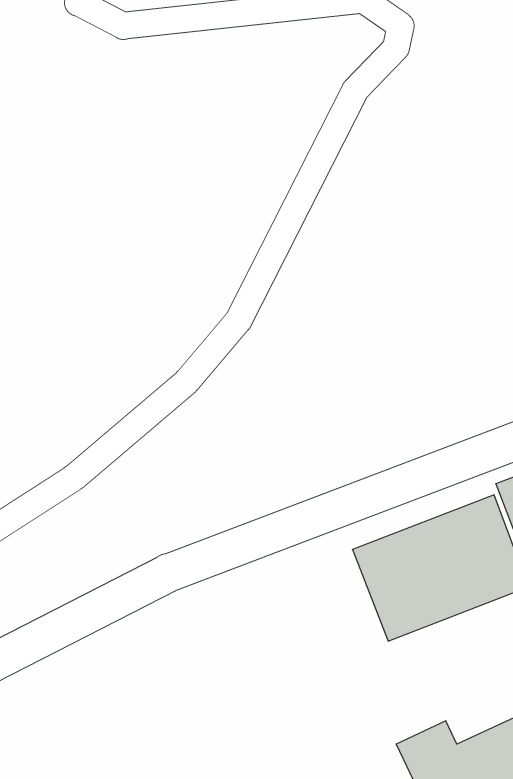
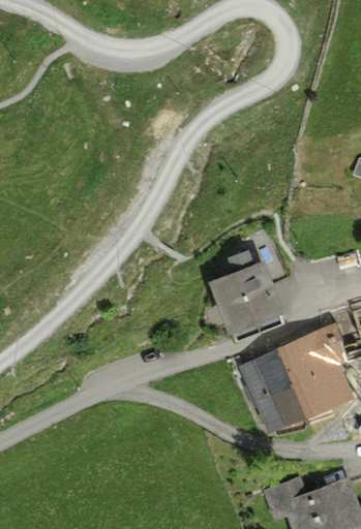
building: none -> [202,238,283,335]

